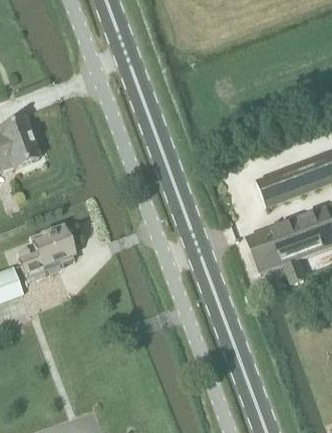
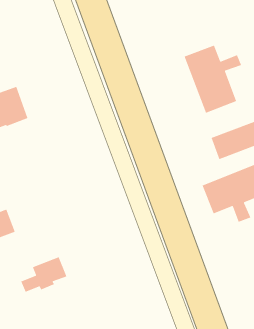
building: none -> [183,44,242,114]
building: [17,228,74,272] -> [20,256,68,293]

